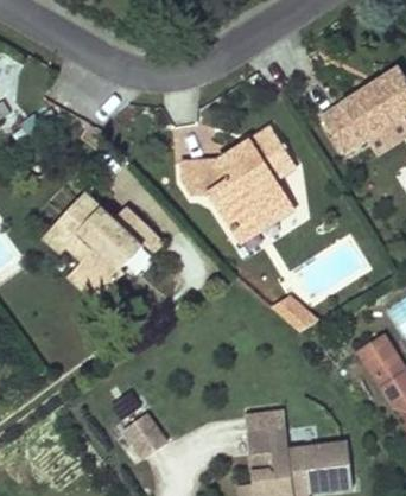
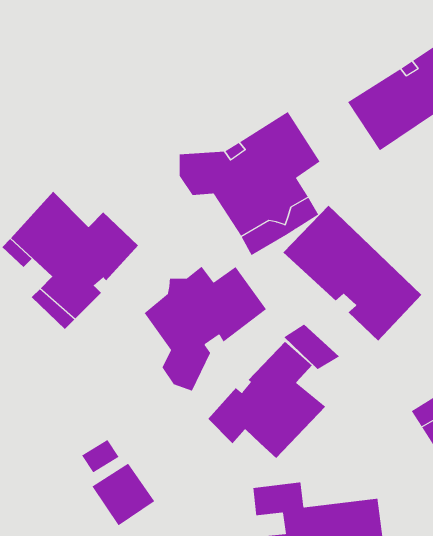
building: none -> [283,205,422,341]
building: none -> [144,266,267,392]
building: none -> [208,341,326,459]

